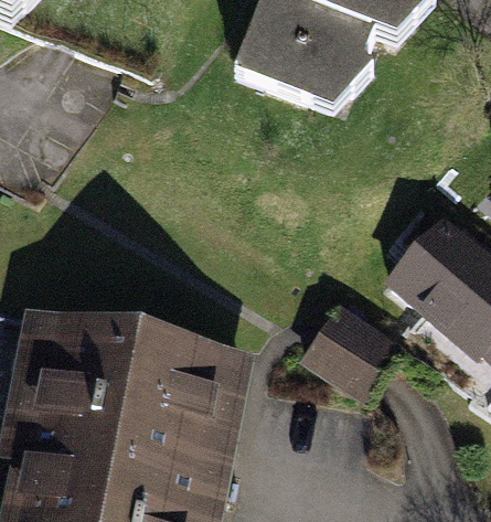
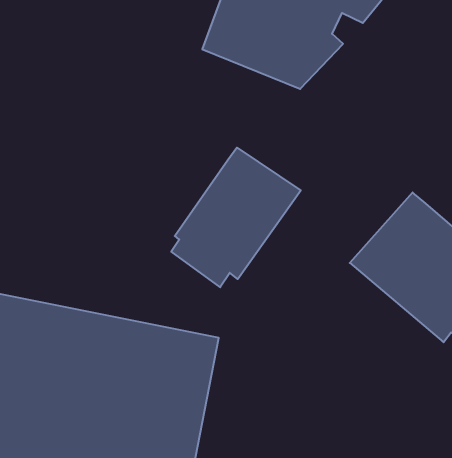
building: none -> [171,148,301,287]
building: [298,298,407,405] -> none

